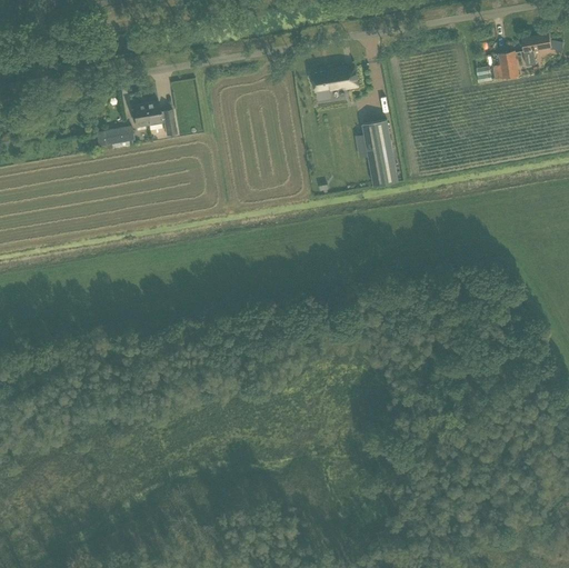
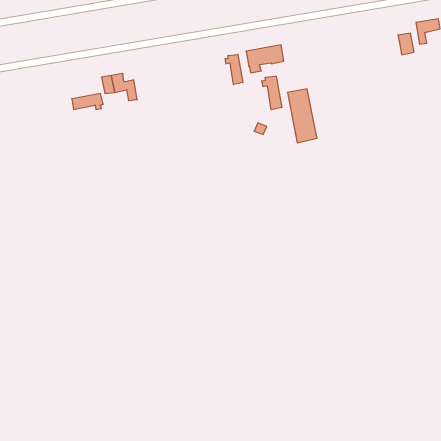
building: none -> [225,54,243,85]
building: none -> [262,76,282,110]

